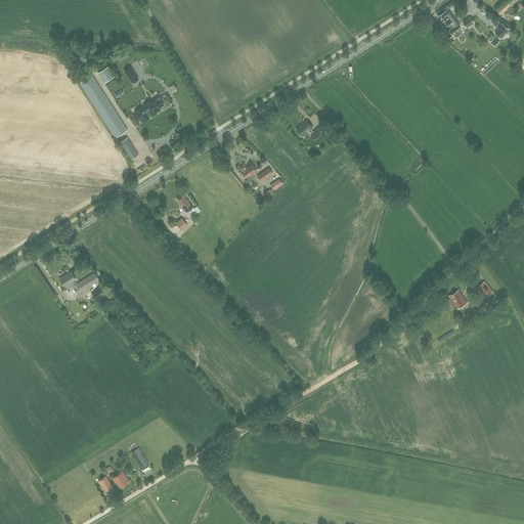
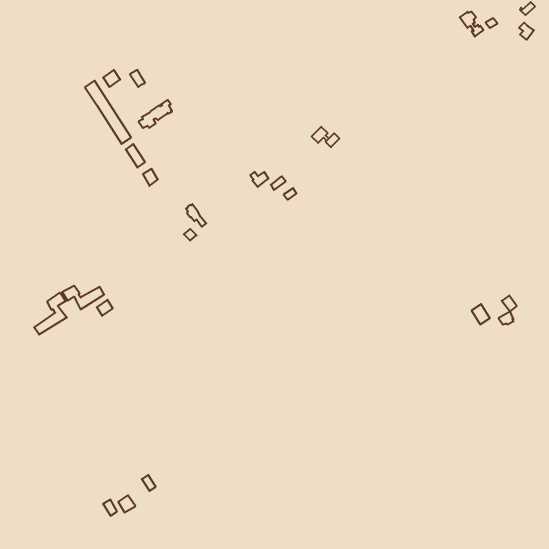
building: none -> [34,293,67,335]

